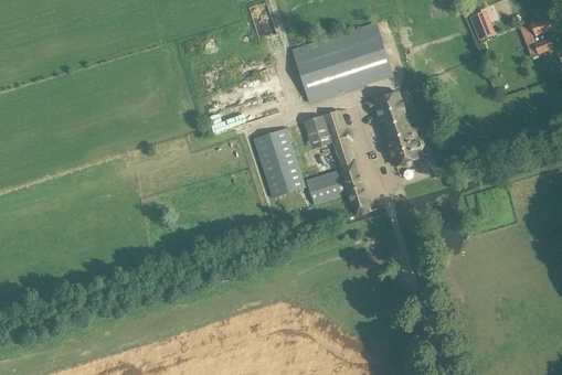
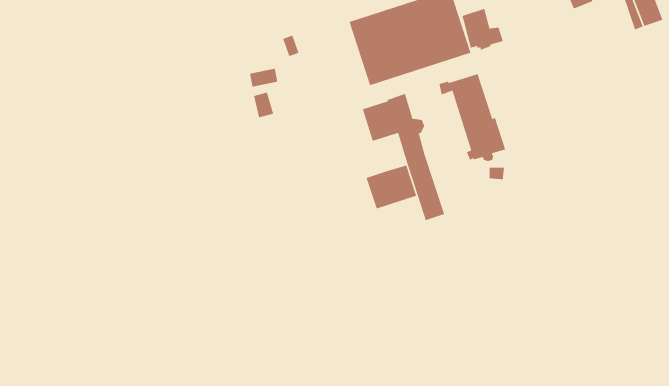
building: none -> [461,8,504,51]
building: [253,127,306,197] -> none

